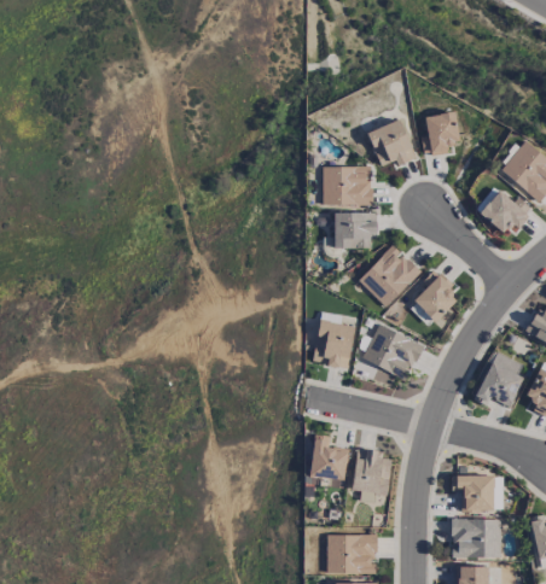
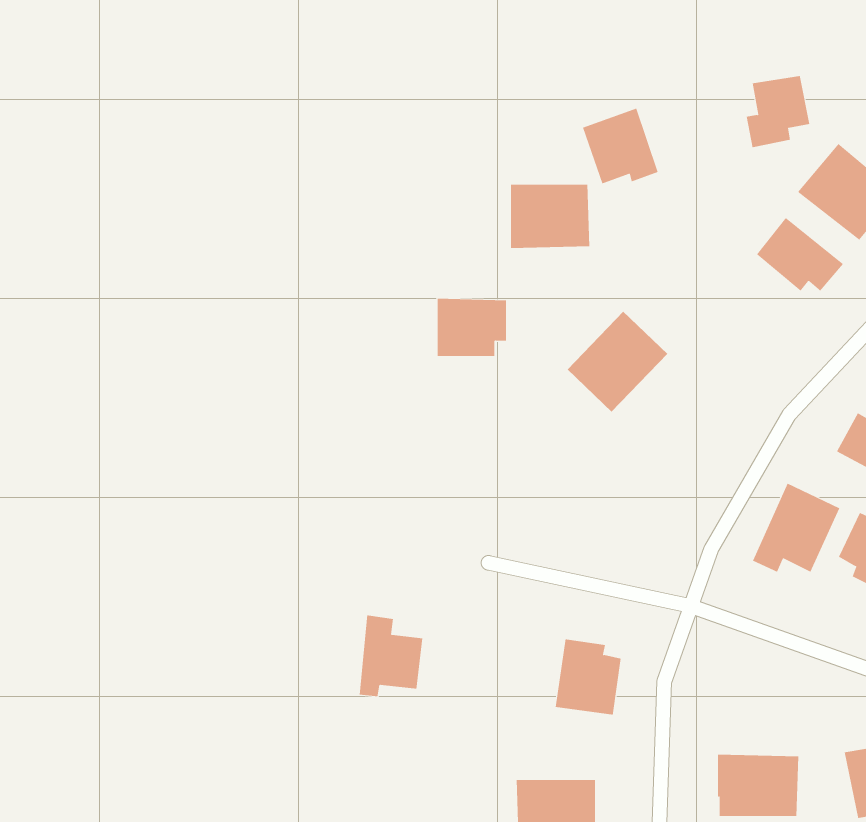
building: [422,112,461,157] -> [746,75,810,148]
building: [335,212,378,249] -> [437,298,507,357]
building: [416,270,461,321] -> none
building: [313,321,355,368] -> none
building: [364,325,424,380] -> none
building: [309,434,349,485] -> [359,615,423,697]
building: [453,475,495,512] -> none

